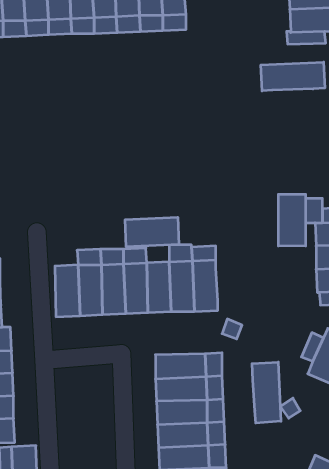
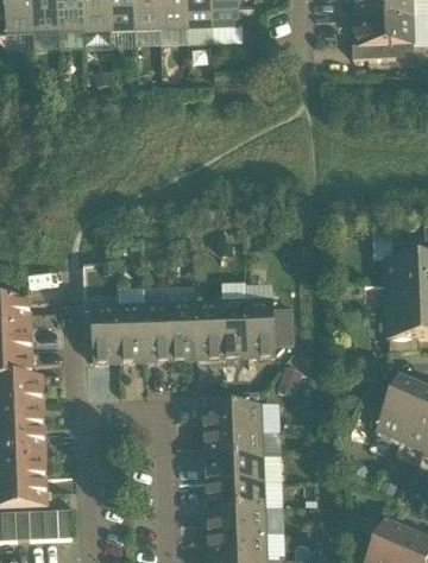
building: [261,62,325,91] -> none
building: [278,194,306,246] -> none
building: [125,217,179,247] -> none
building: none -> [272,310,294,347]
building: [252,362,281,423] -> none

